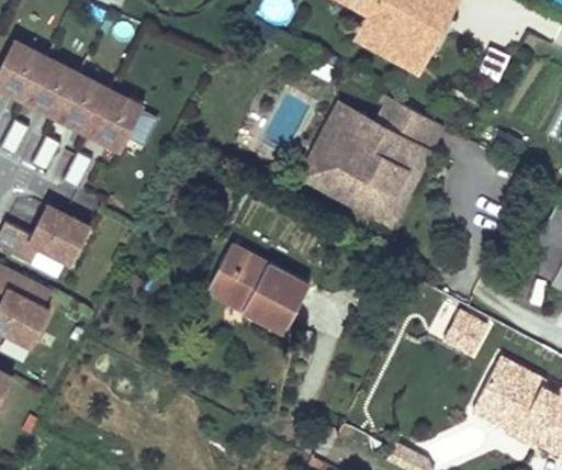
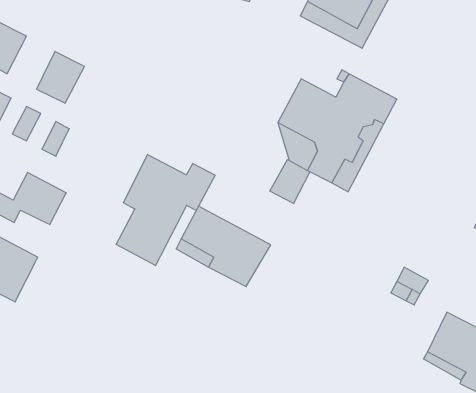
building: [25,58,77,115] -> none
building: [88,91,160,148] -> none
building: none -> [116,154,215,266]
building: none -> [270,160,310,204]

